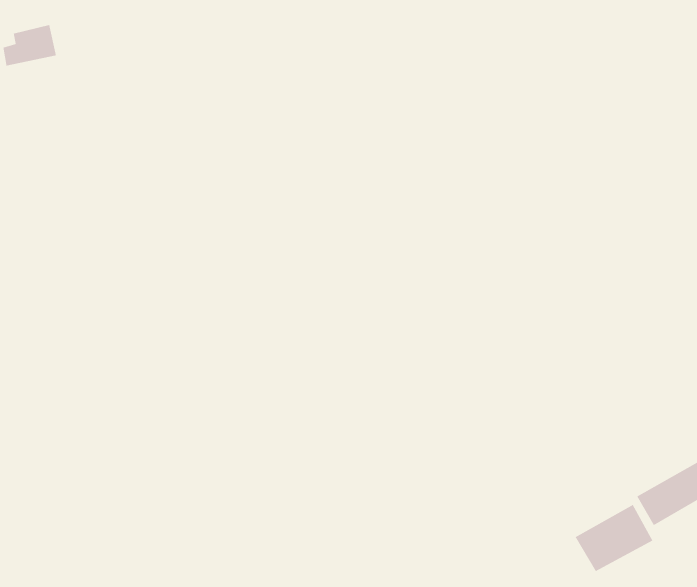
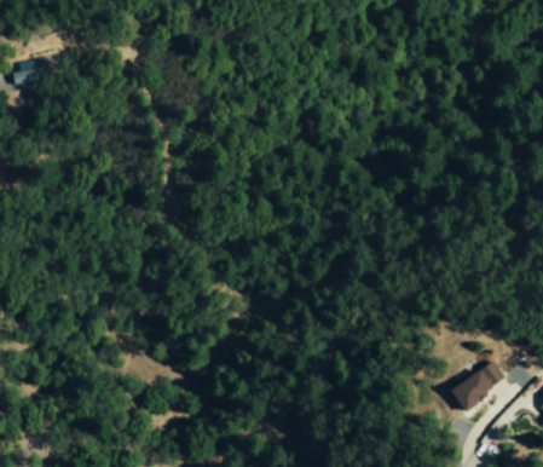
building: [575,504,653,572] -> none

